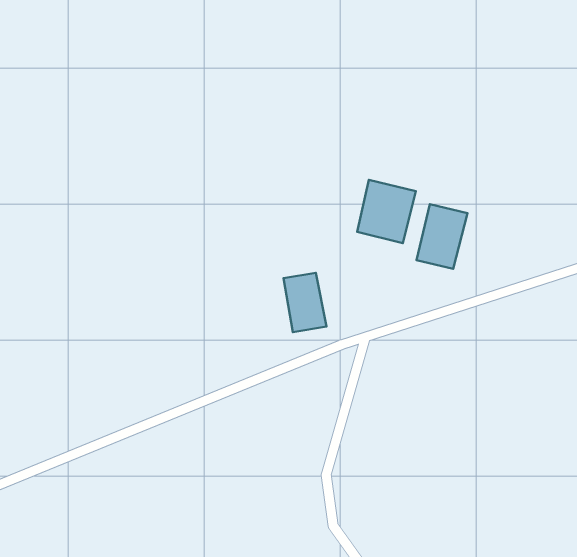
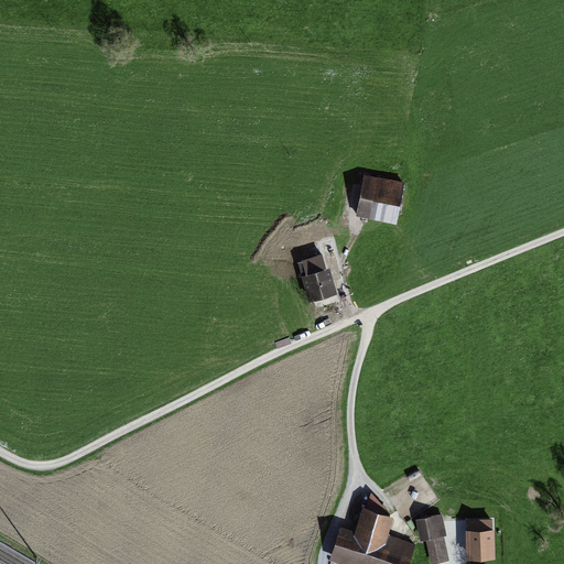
building: [417,204,467,269] -> none

